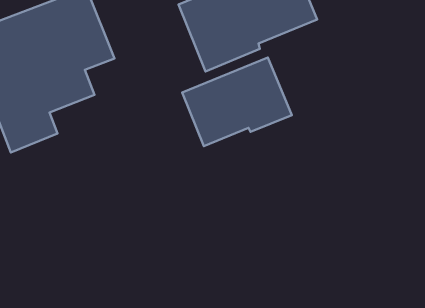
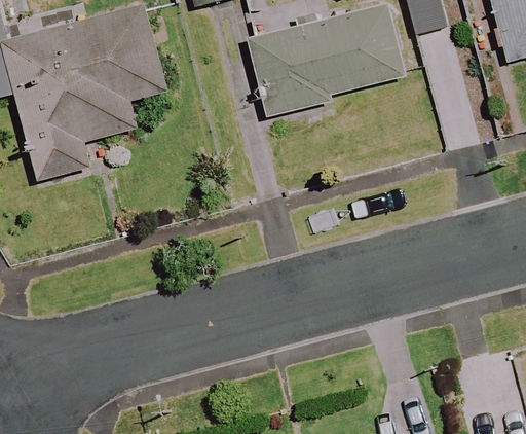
building: [182,57,292,146] -> none

